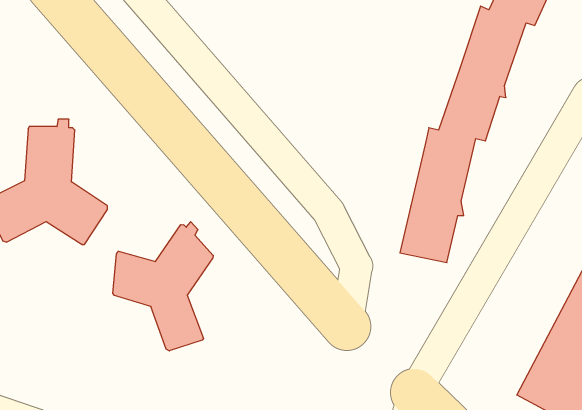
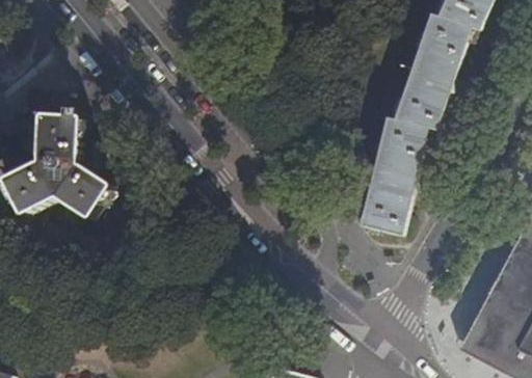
building: [113,222,213,351] -> none

